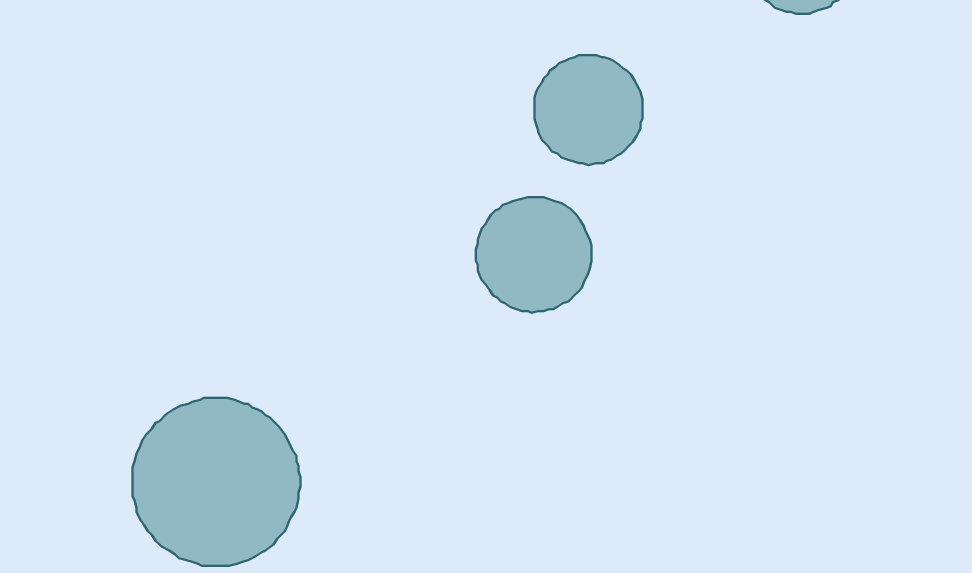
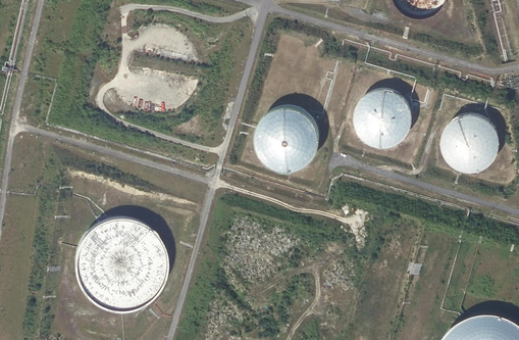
building: [534,55,642,165] -> [359,89,416,147]
building: none -> [437,108,495,165]

